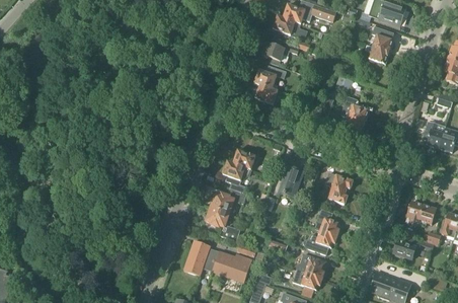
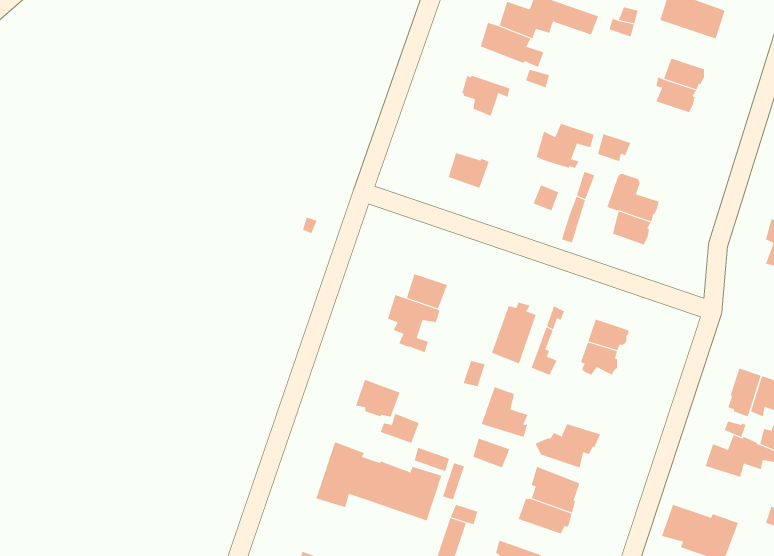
building: [254,65,286,89] -> [536,123,595,169]
building: [211,190,246,214] -> none
building: [314,209,339,236] -> [481,386,528,437]

